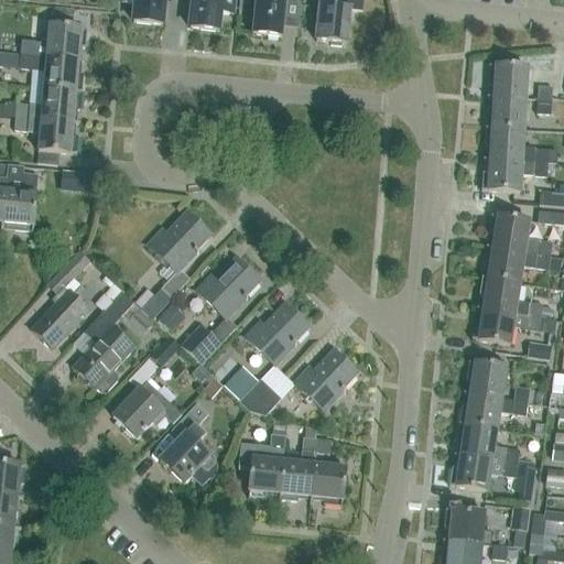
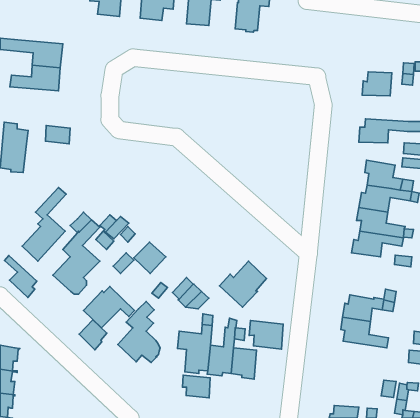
building: [21,4,88,58] -> none
building: [488,63,528,97] -> none
building: [14,116,80,163] -> none
building: [485,127,557,162] -> none
building: [148,212,210,272] -> none
building: [197,257,260,317] -> none
building: [246,303,308,364] -> none
building: none -> [4,255,37,297]
building: [466,360,506,399] -> none
building: none -> [79,320,107,350]
building: none -> [249,320,283,349]
building: [451,455,538,491] -> none
building: none -> [182,375,210,398]
building: [445,508,485,543] -> none

